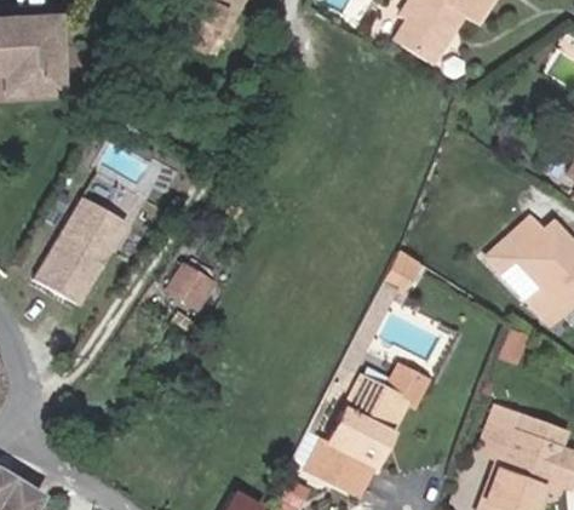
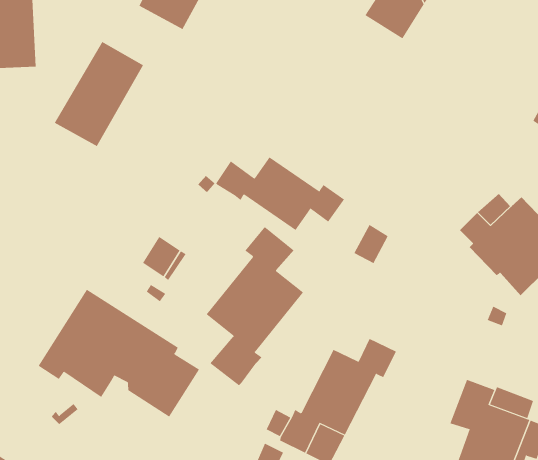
building: none -> [215,156,345,231]
building: [35,197,126,304] -> [54,41,144,147]
building: none -> [206,226,304,386]
building: none -> [38,289,200,417]

